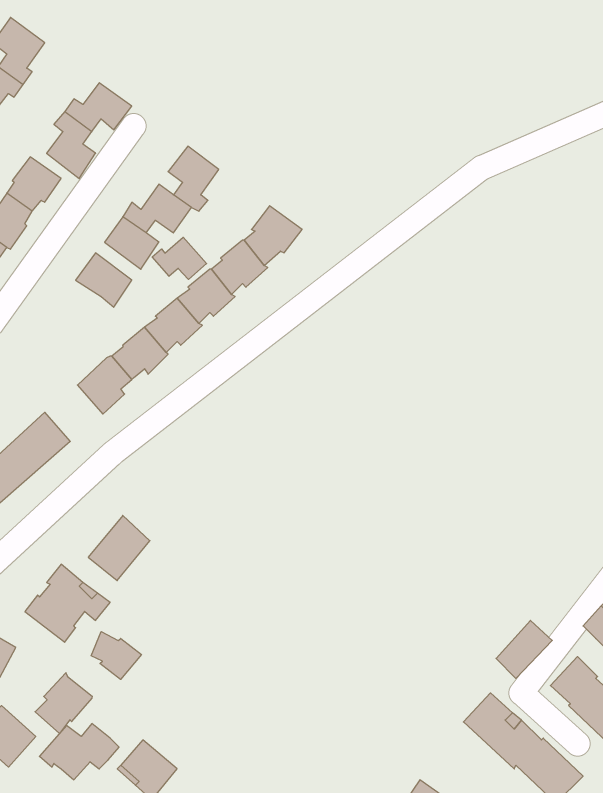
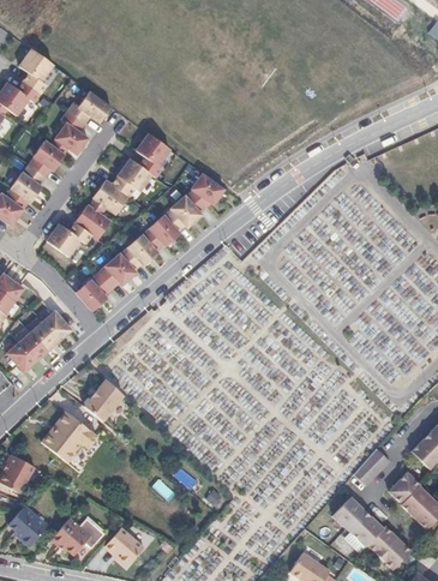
building: [152,237,207,279] -> none
building: none -> [48,222,91,256]
building: [91,632,141,679] -> none
building: [35,673,92,733] -> none

